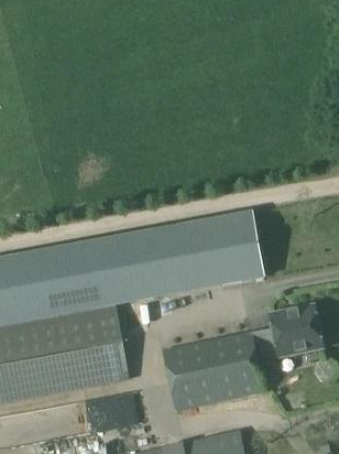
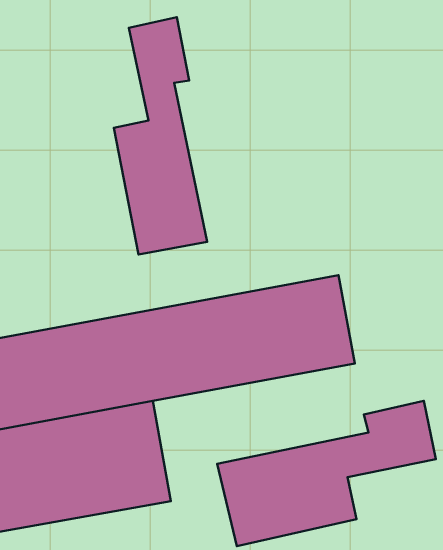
building: none -> [114,17,207,255]

